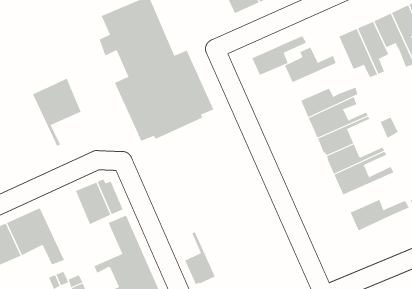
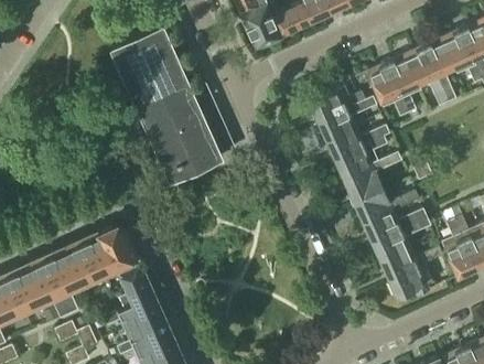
building: [251,35,307,76] -> [318,98,377,141]
building: [32,78,81,147] -> [47,238,100,312]
building: none -> [372,218,430,261]
building: none -> [388,265,432,299]
building: [184,232,216,285] -> none

